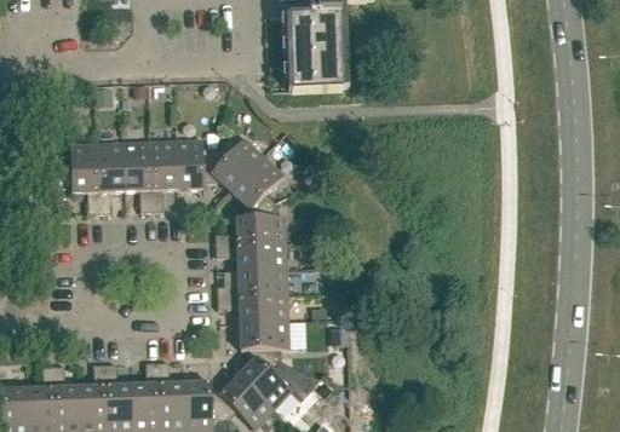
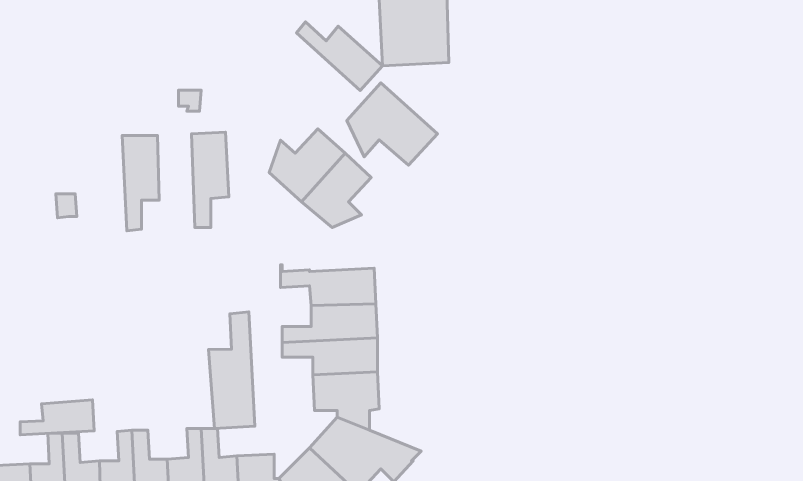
building: none -> [296,22,382,91]
building: none -> [347,83,437,165]
building: [173,140,214,189] -> none
building: [122,142,150,213] -> none
building: [69,143,99,214] -> none
building: [235,202,285,244] -> none
building: none -> [209,312,255,428]
building: none -> [20,400,94,435]

